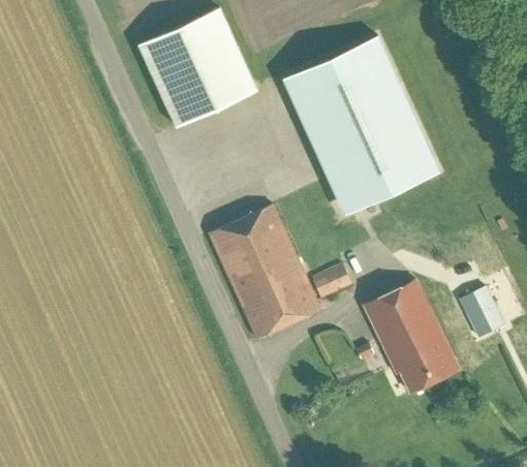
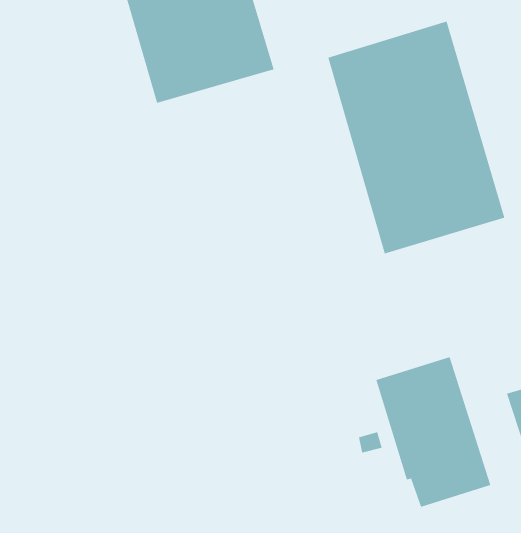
building: [209,204,321,338] -> none
building: [313,262,353,298] -> none

